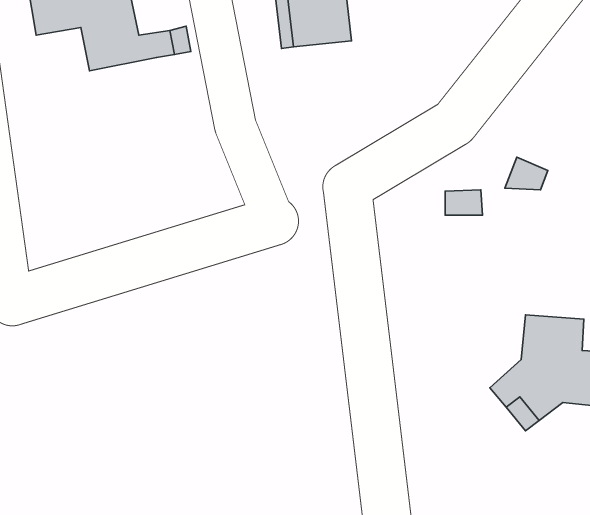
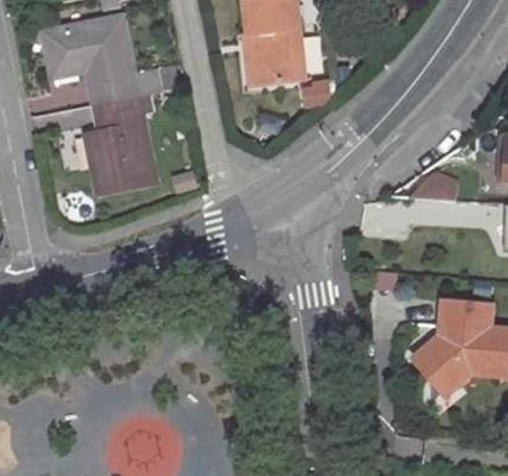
building: none -> [86,93,154,193]

